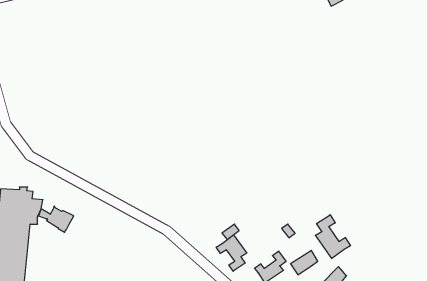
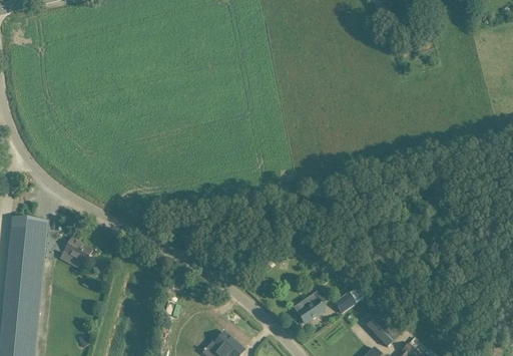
building: [315,215,351,259] -> none
building: [216,235,247,271] -> none

